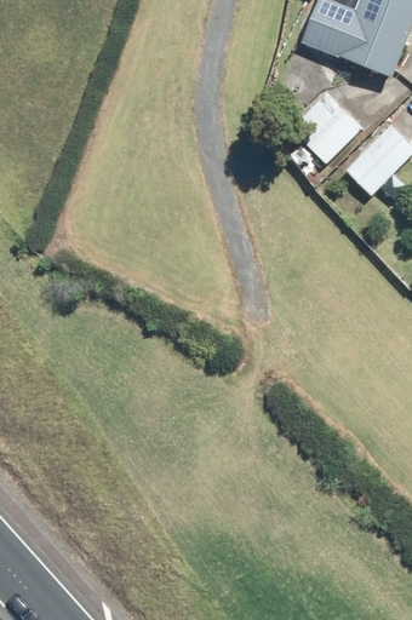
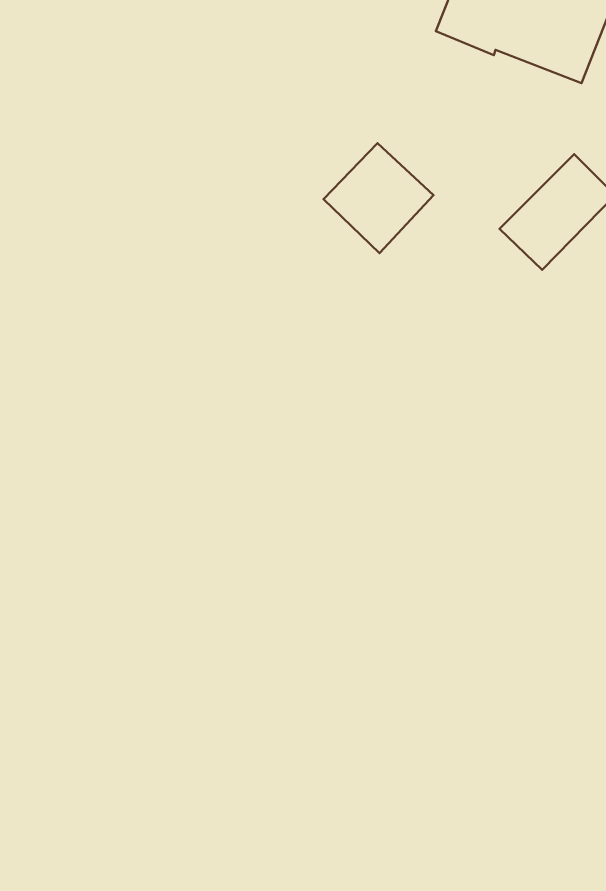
building: [291,93,362,165] -> [323,143,433,253]

